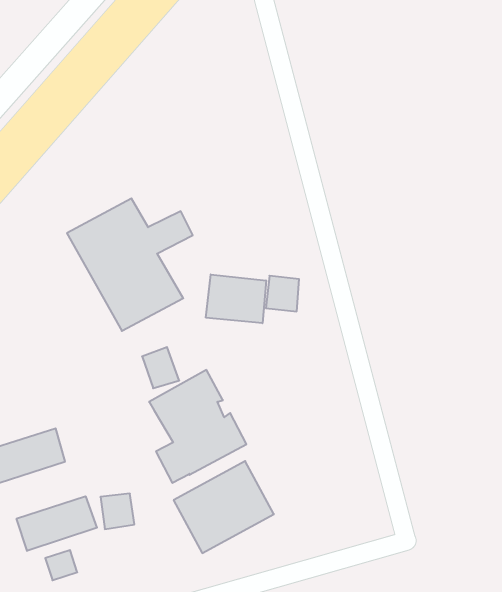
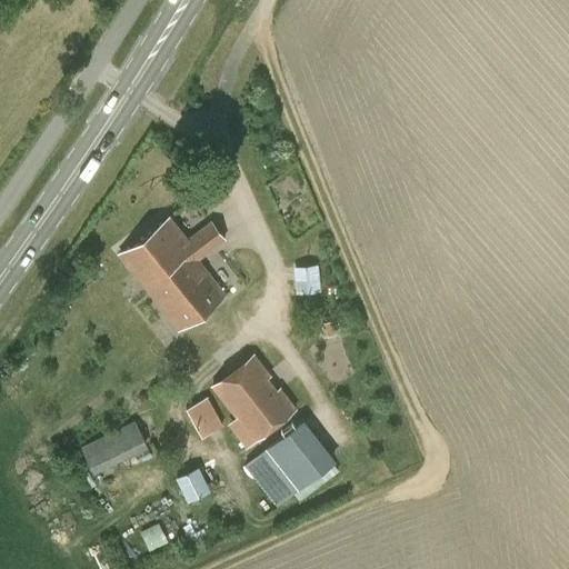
building: [206,274,266,323] -> none
building: [142,347,179,388] -> [191,396,226,432]
building: [17,496,97,551] -> none

